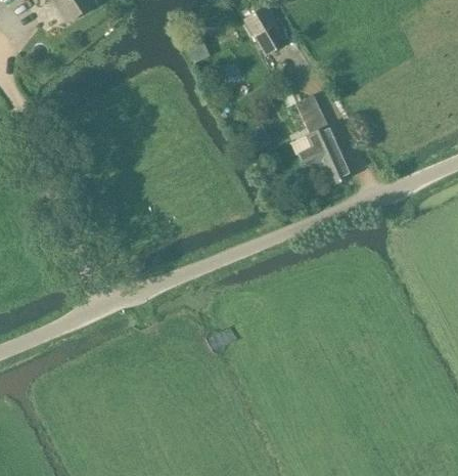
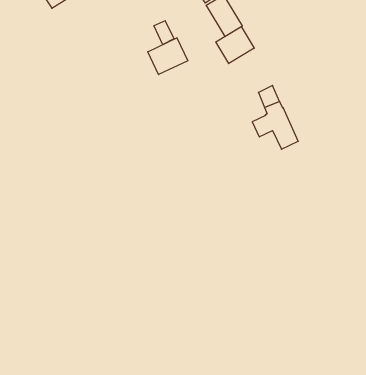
building: none -> [216,27,254,64]
building: none -> [148,38,188,75]

